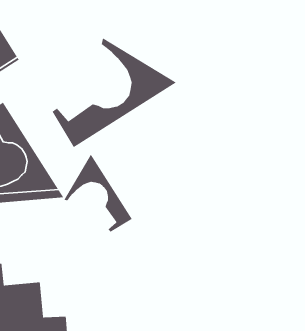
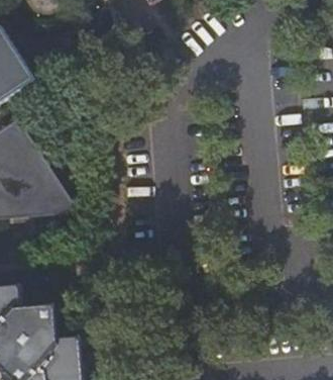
building: [51,37,177,148] -> none
building: [63,153,133,233] -> none

